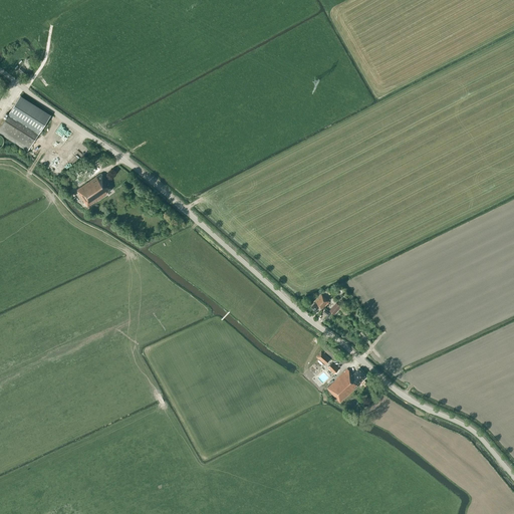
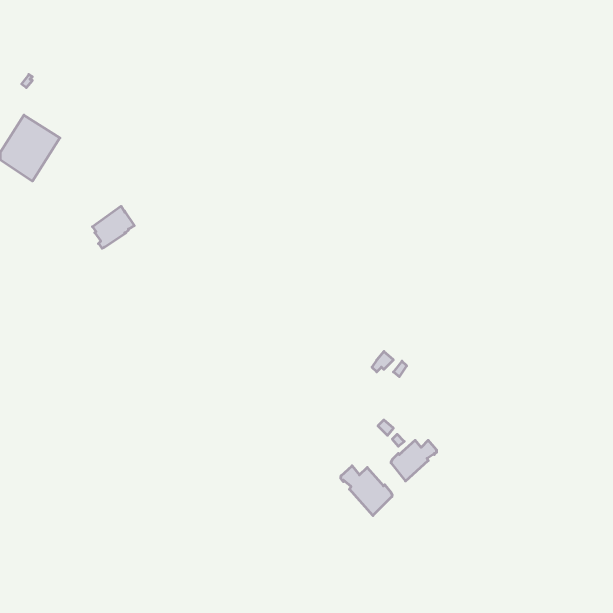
building: none -> [341,466,392,516]

